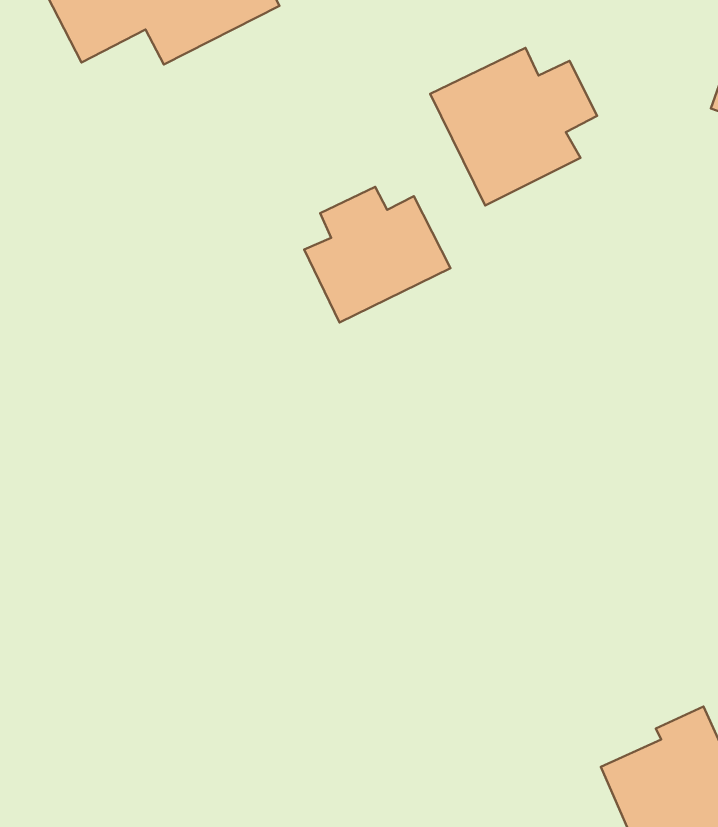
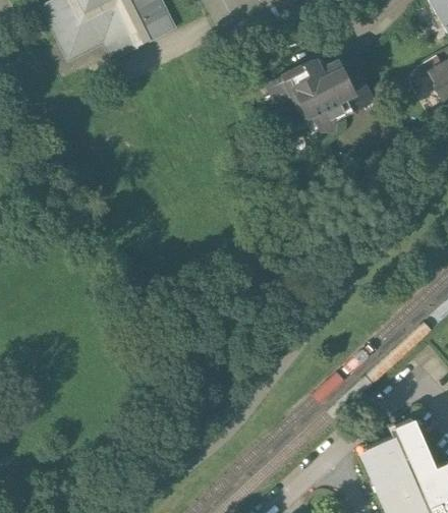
building: [304,187,450,323] -> none

